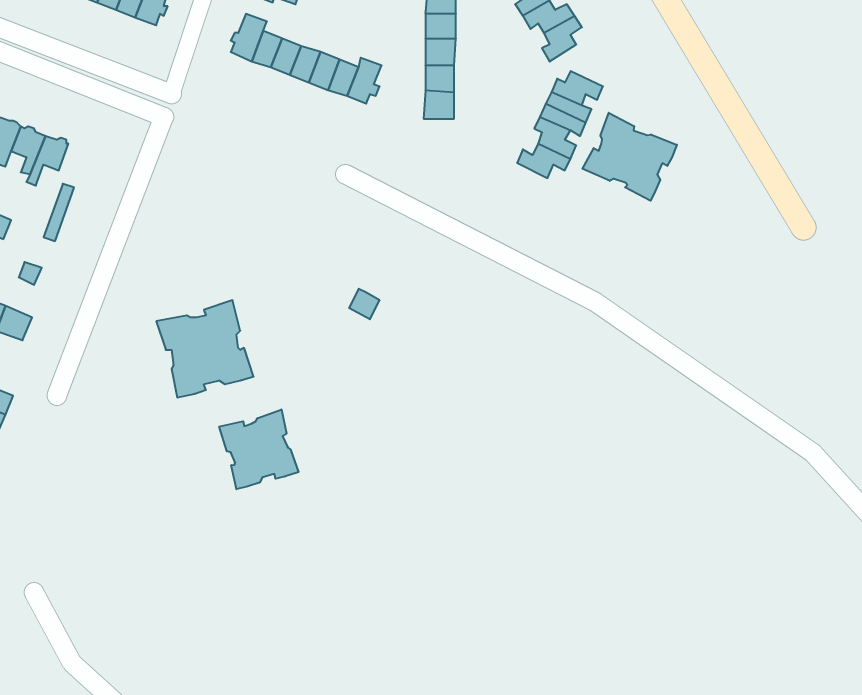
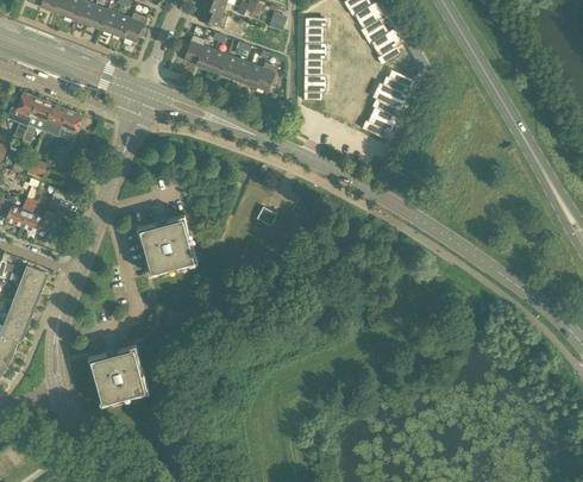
building: [582,113,677,201] -> none
building: [219,409,299,489] -> none
building: none -> [88,344,149,405]

